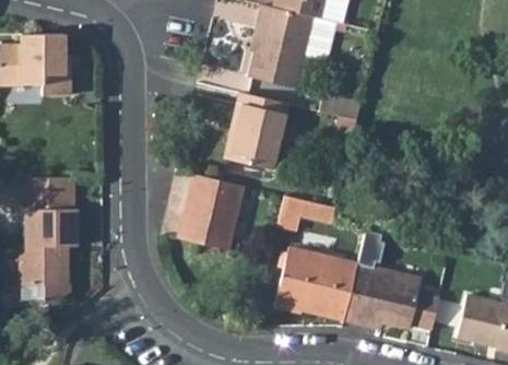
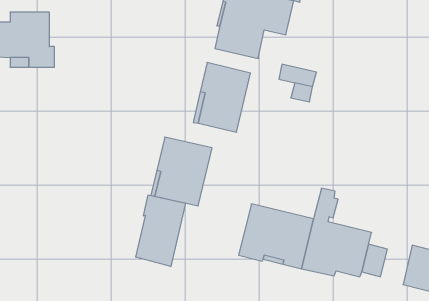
building: [20,176,76,301] -> none
building: [279,195,336,228] -> none
building: none -> [136,195,185,267]

